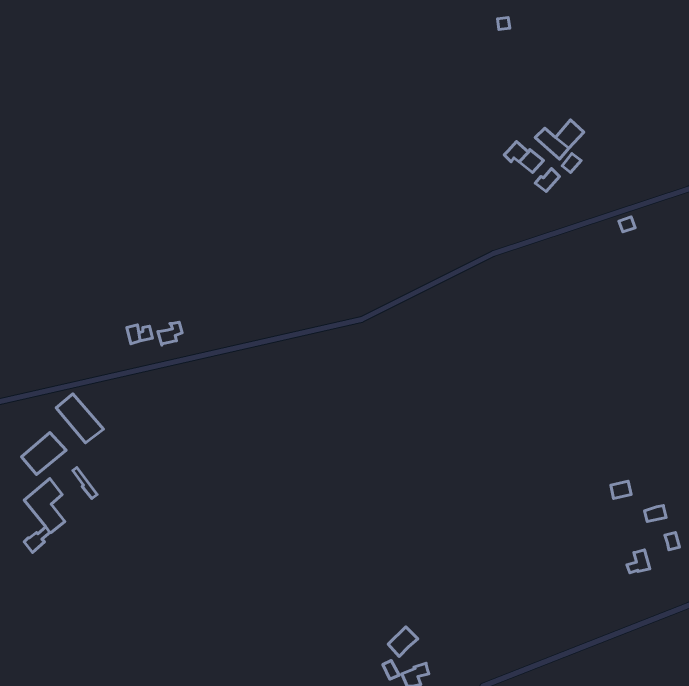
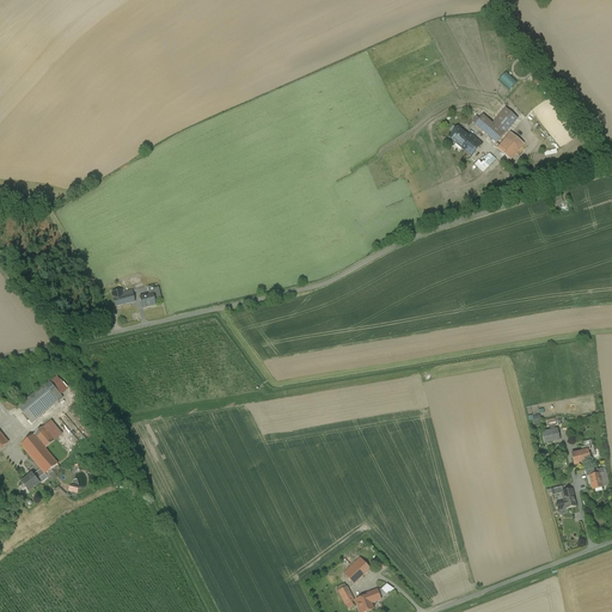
building: [56,394,104,443] -> none

